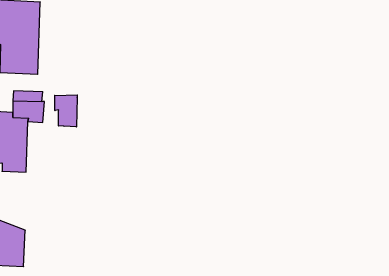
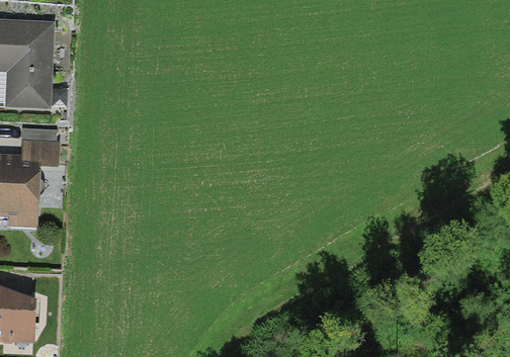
building: [55,95,77,127] -> none

